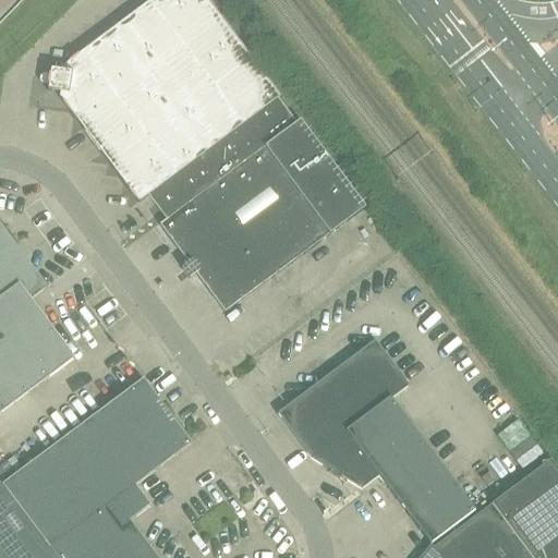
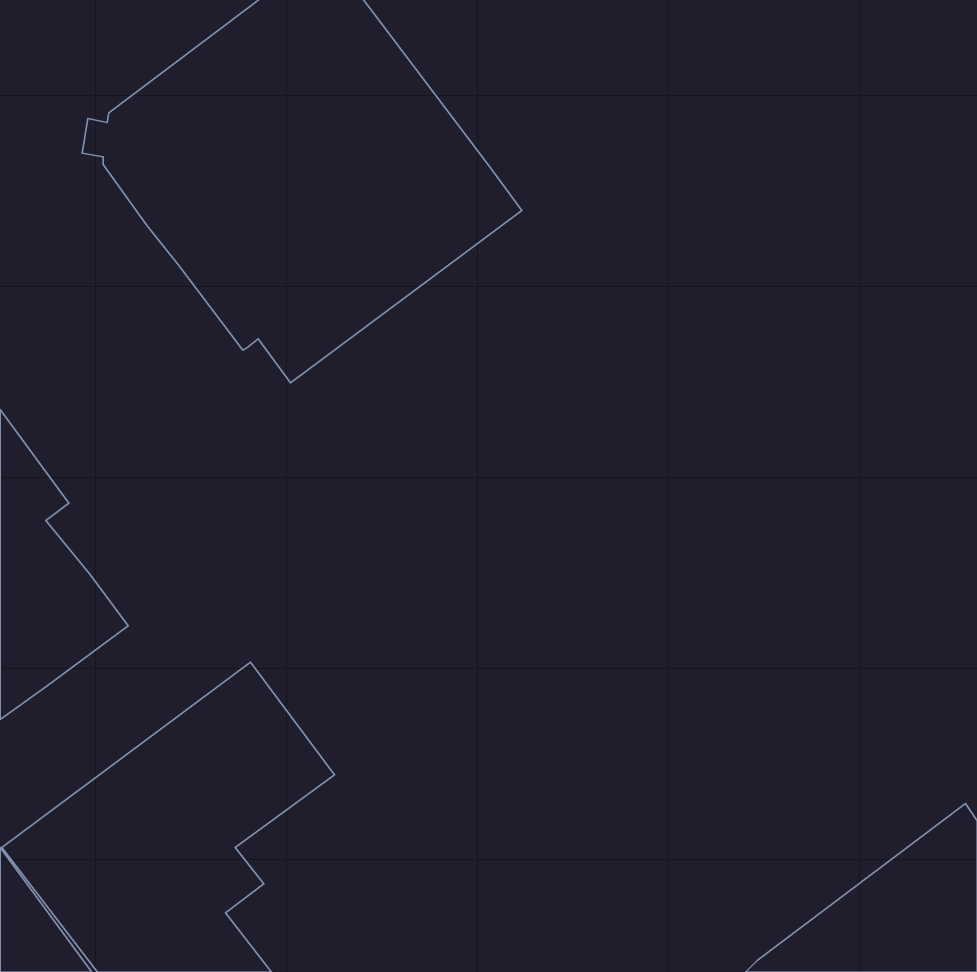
building: [159,118,365,310] -> none
building: [277,339,475,543] -> none

